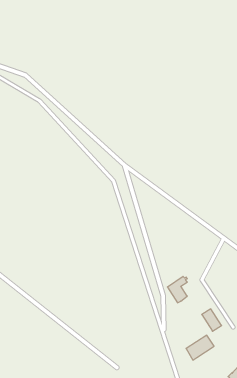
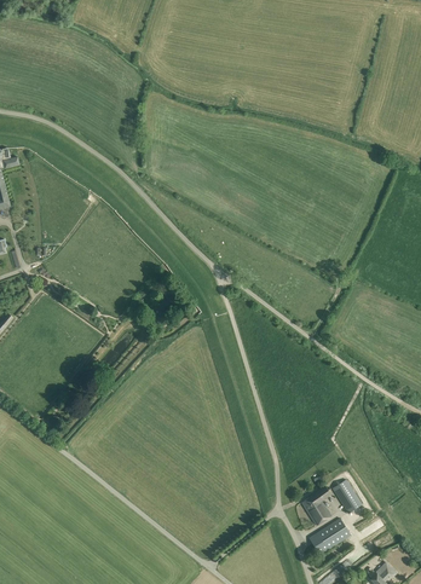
building: [167,276,187,303] -> [301,486,330,525]

